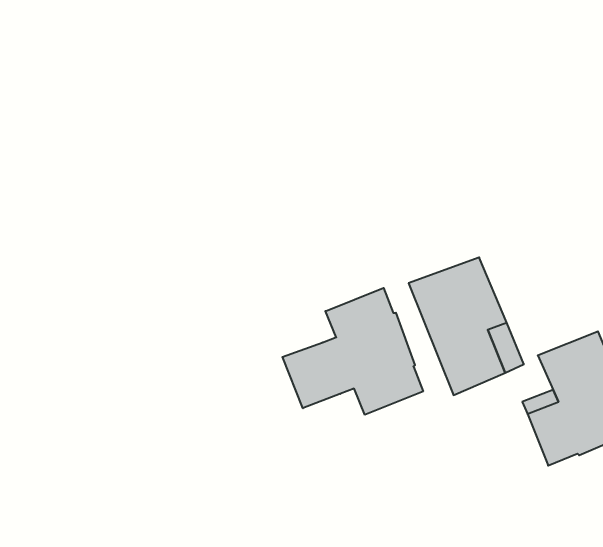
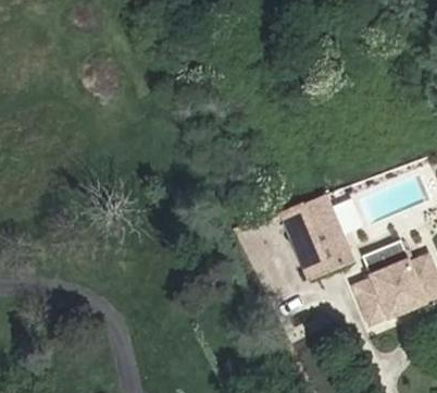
building: [282,288,423,415] -> none

